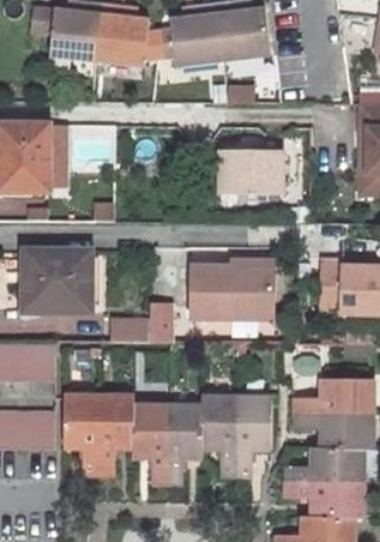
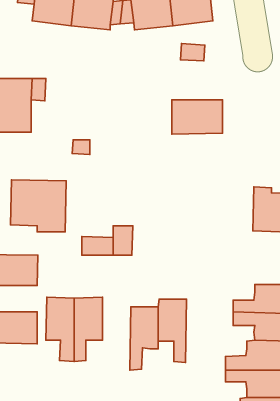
building: [189,266,272,319] -> none
building: [236,396,271,474] -> none
building: [133,404,169,483] -> none

